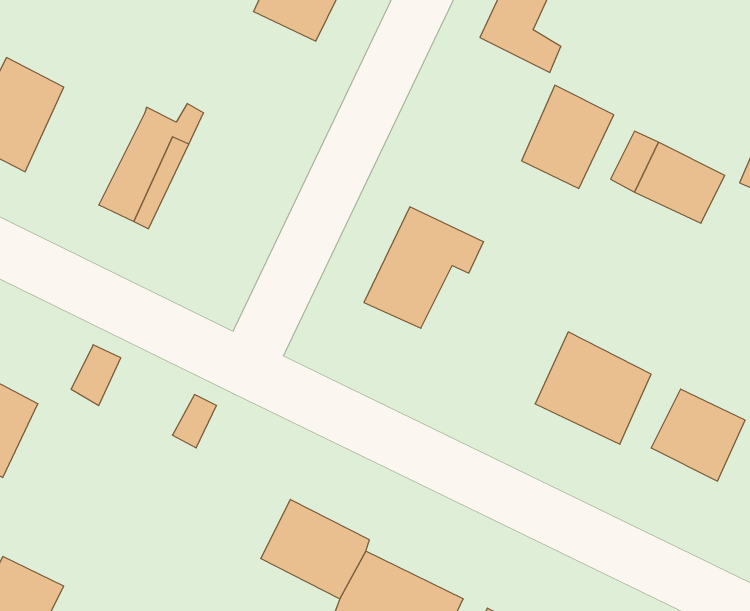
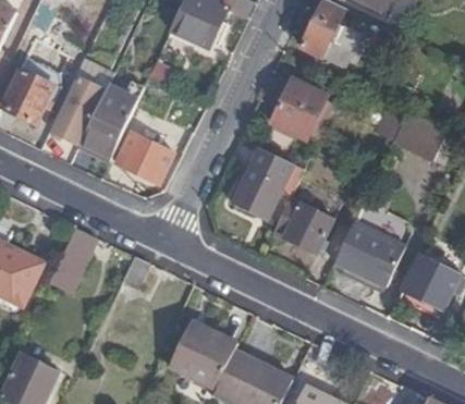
building: [522,85,614,188] -> [274,76,329,137]
building: none -> [50,78,105,146]
building: none -> [114,146,170,184]
building: none -> [274,198,336,255]

